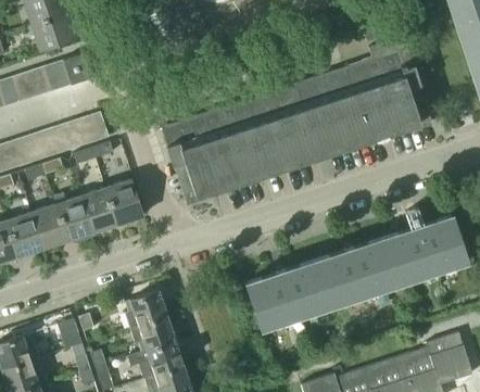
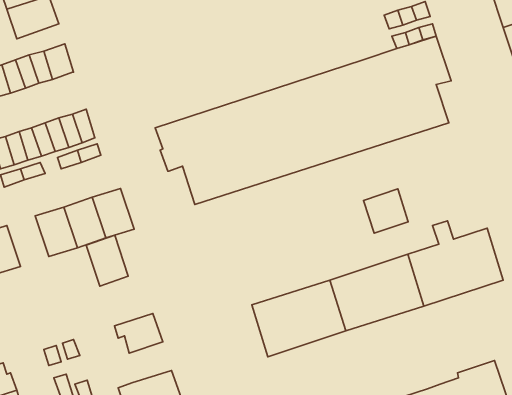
building: none -> [364,189,408,233]
building: [29,206,66,251] -> [86,235,128,286]
building: [136,317,174,353] -> none

